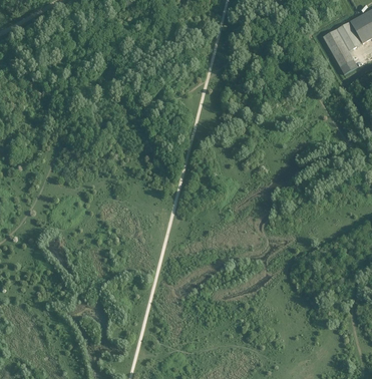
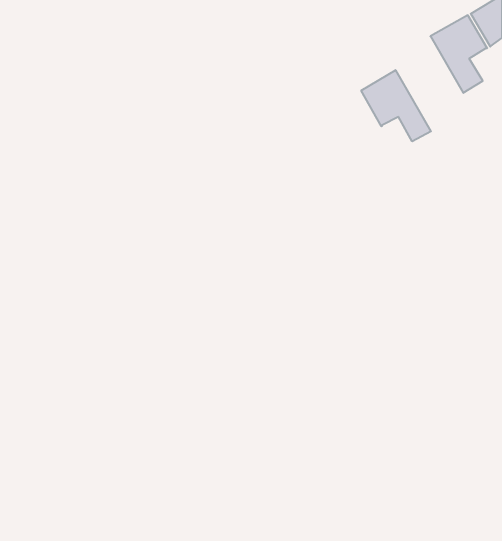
building: none -> [361,70,431,141]

